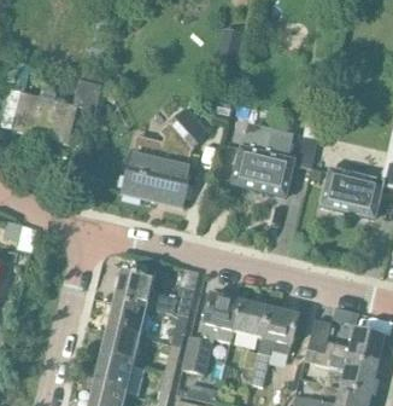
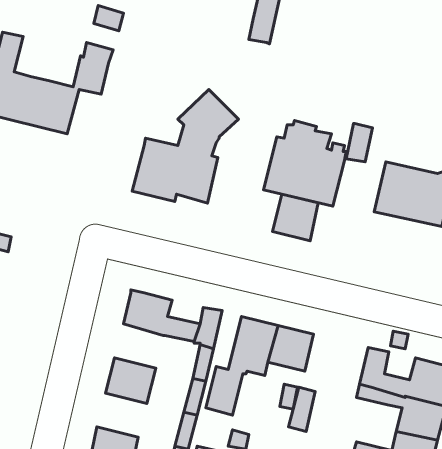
building: none -> [273,194,318,241]
building: [106,298,146,335] -> none
building: [262,307,298,344] -> none
building: [92,355,133,391] -> none

